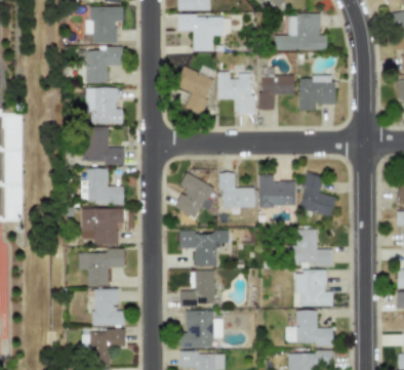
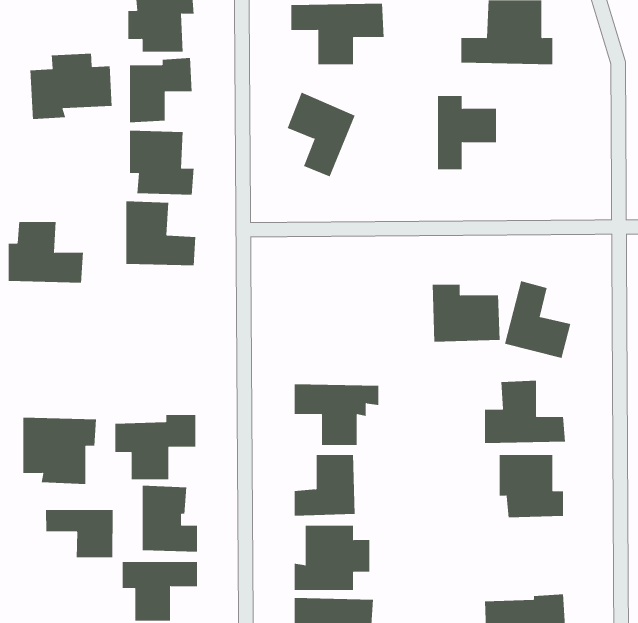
building: none -> [30,53,112,120]
building: [218,72,252,114] -> none
building: [299,76,334,111] -> none
building: [81,168,124,203] -> [8,221,84,283]
building: [174,172,214,217] -> none
building: [218,172,255,207] -> none
building: [82,207,124,245] -> [23,417,97,484]
building: none -> [46,509,113,558]
building: [285,310,333,344] -> none

